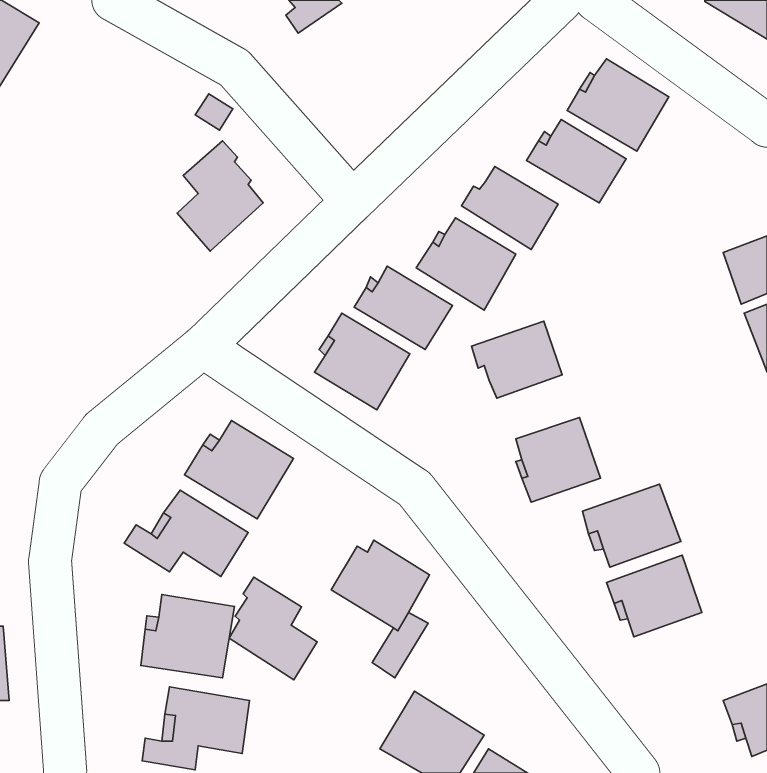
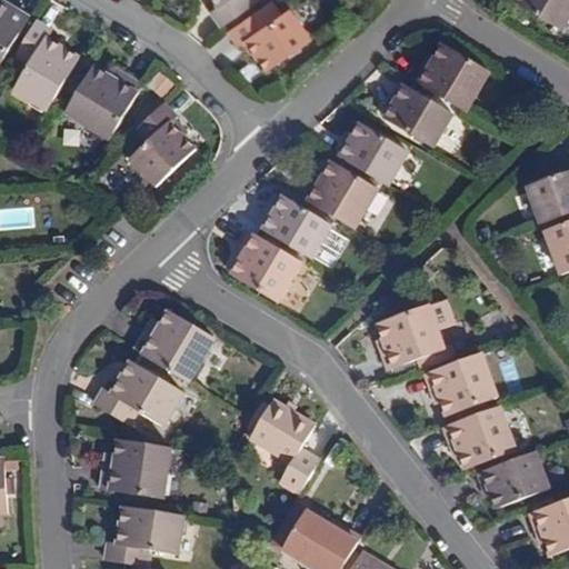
building: none -> [228,8,308,69]
building: none -> [21,26,86,113]
building: none -> [66,66,141,138]
building: [471,321,562,398] -> none
building: [229,577,317,680] -> none
building: none -> [478,452,549,509]

